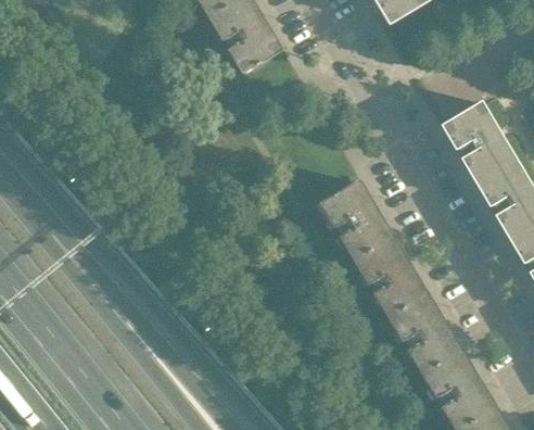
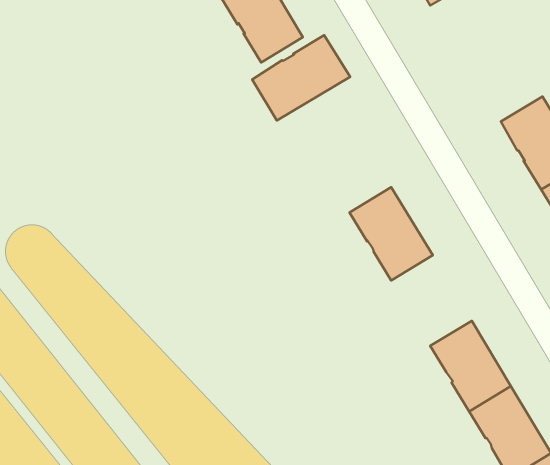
building: none -> [252,35,350,121]
building: [355,238,424,316] -> none

